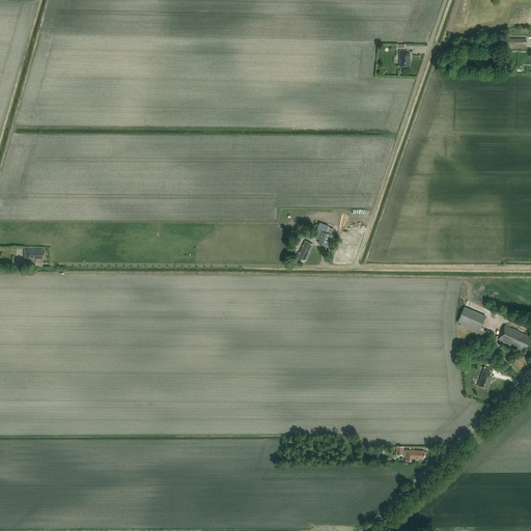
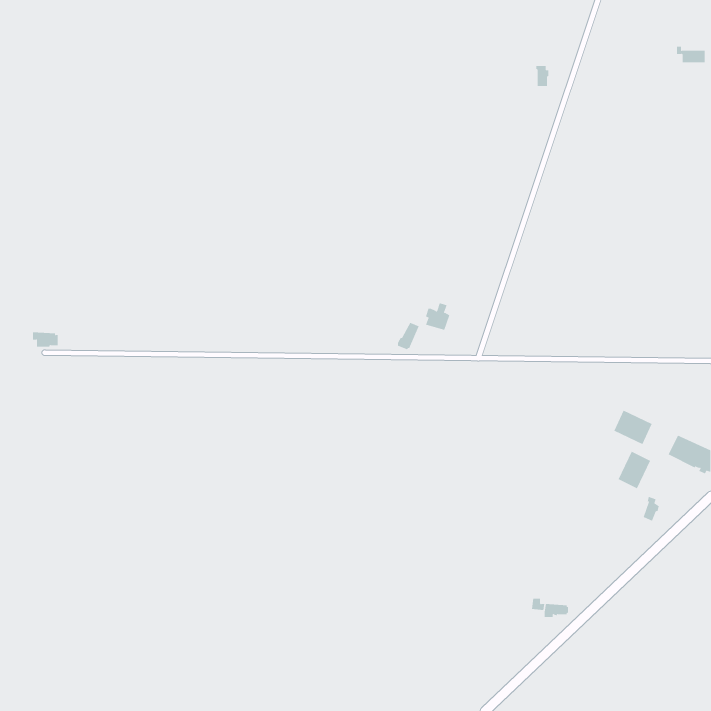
building: none -> [618,451,651,489]

